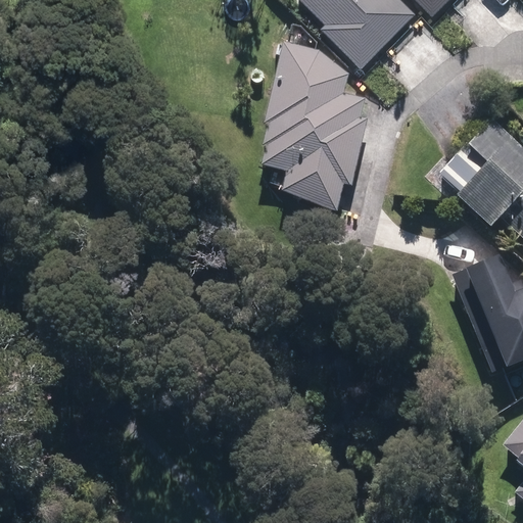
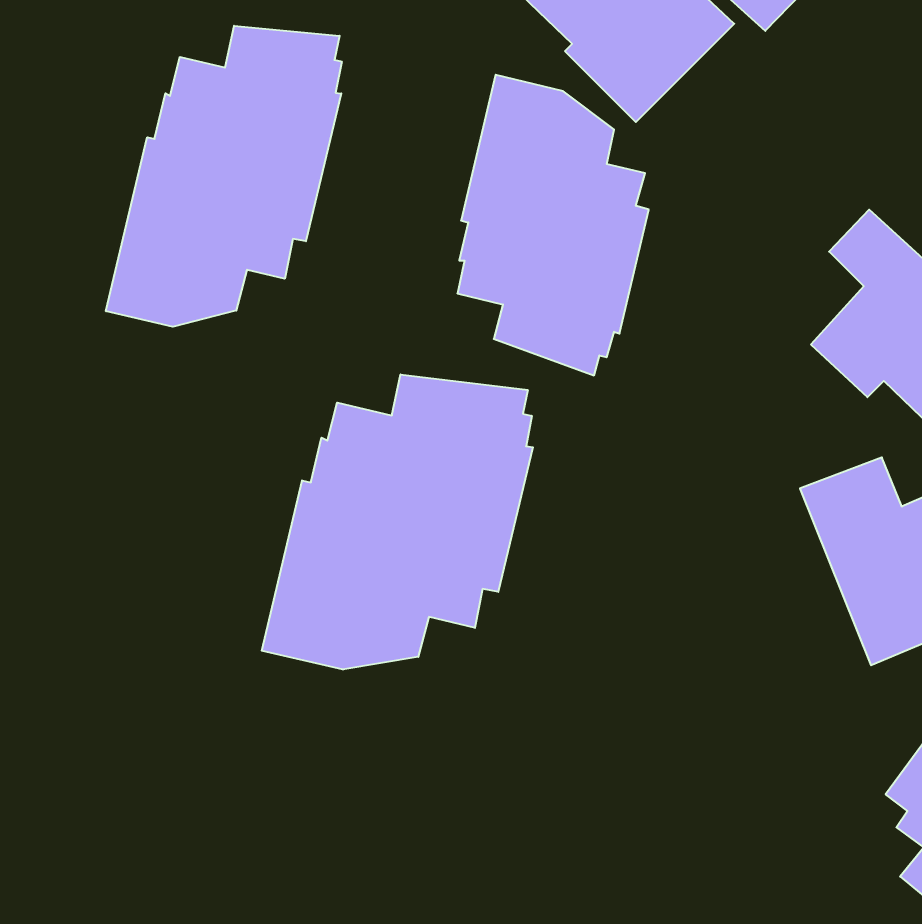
building: none -> [106,26,342,327]
building: none -> [262,374,533,670]

